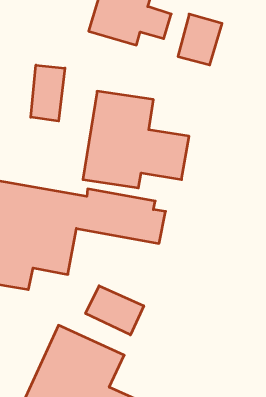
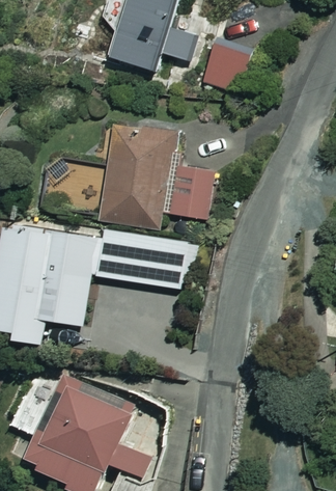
building: [31,65,65,121] -> none
building: [86,286,144,335] -> none

